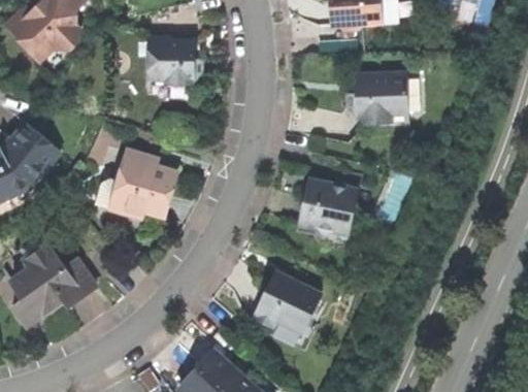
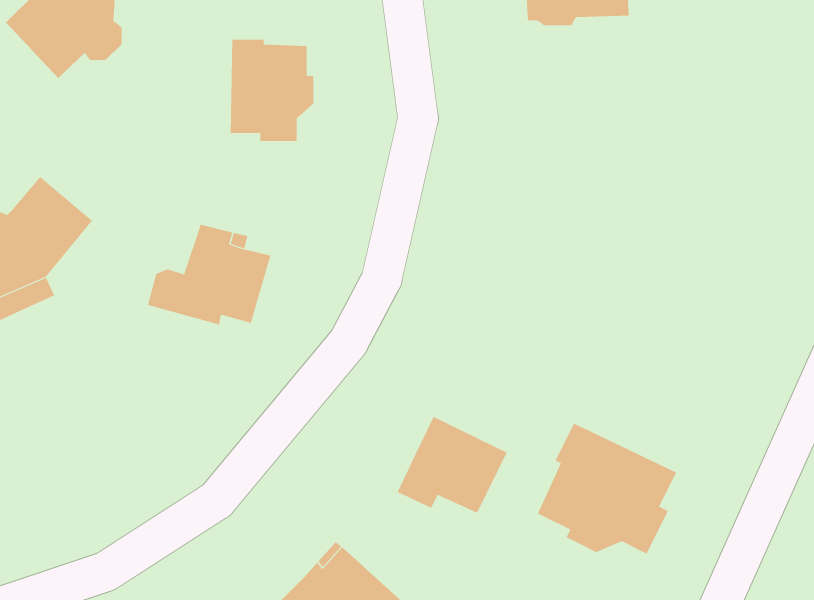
building: [346,73,407,123] -> none
building: [298,178,358,234] -> none
building: [10,242,94,325] -> none
building: none -> [537,423,677,554]

